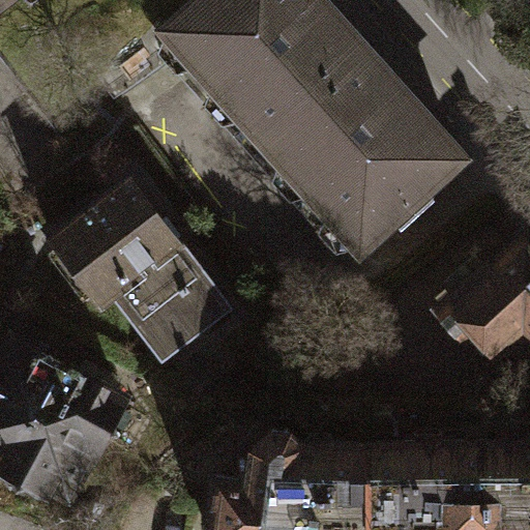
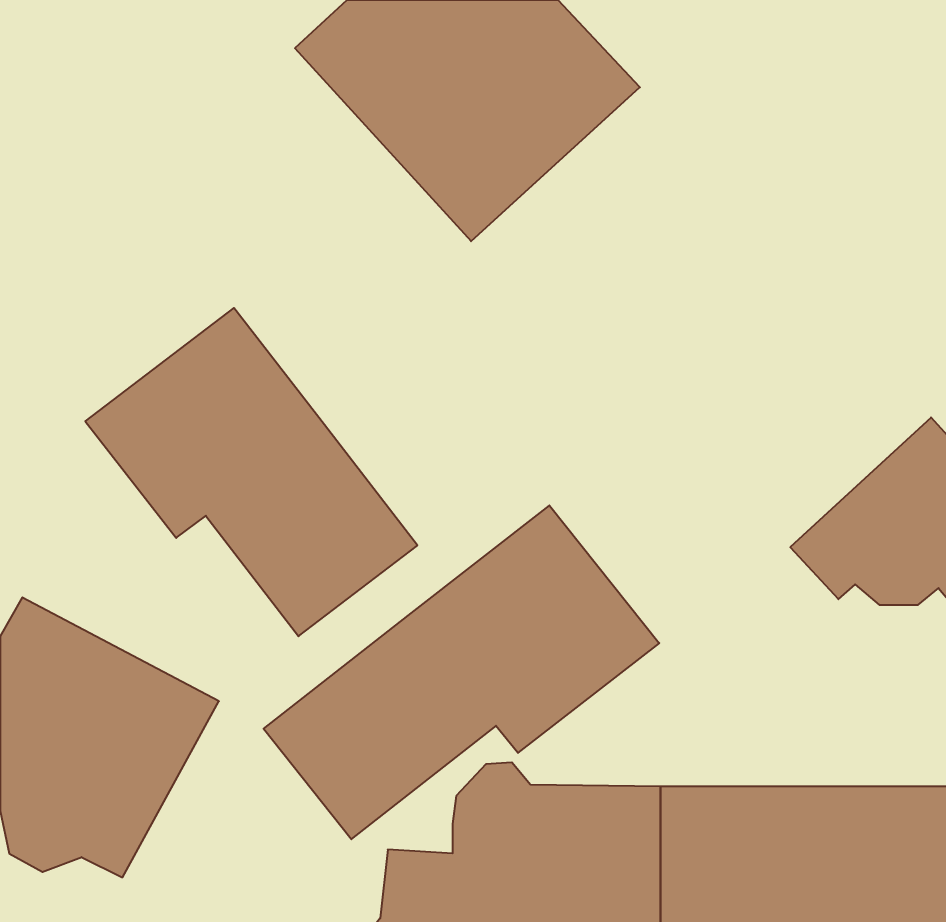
building: [264,63,457,256] -> none
building: none -> [264,505,659,839]

